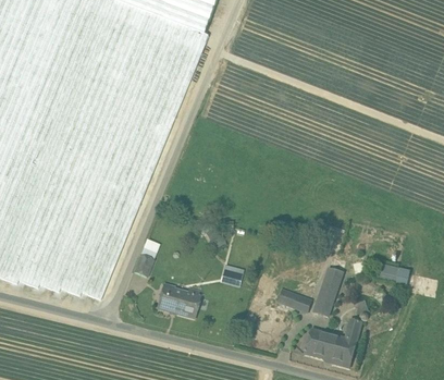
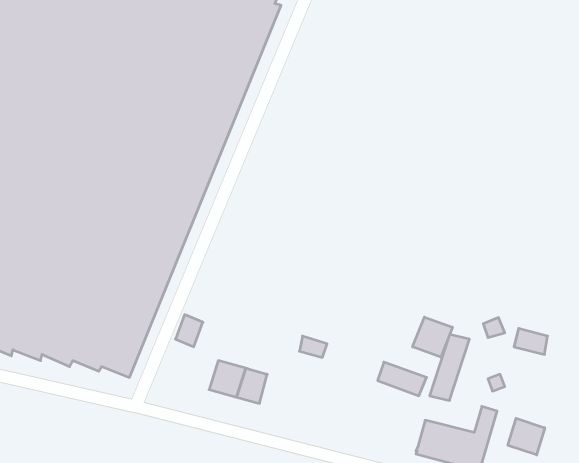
building: none -> [413,317,452,357]
building: none -> [508,418,545,455]

